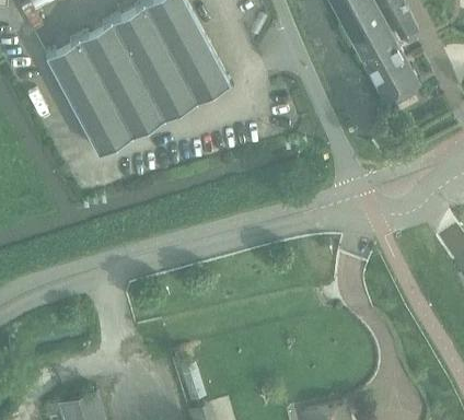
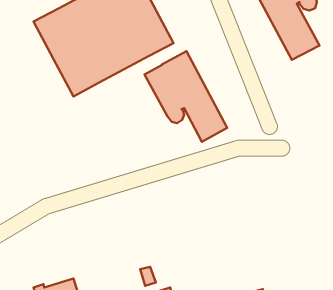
building: none -> [145,51,227,142]

